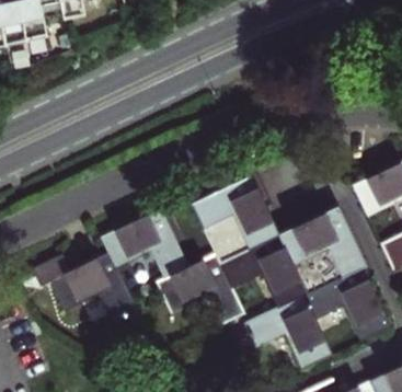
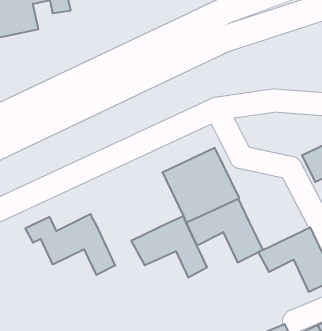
building: [278,205,366,292] -> none
building: [101,207,188,277] -> none
building: [244,295,331,368] -> none

